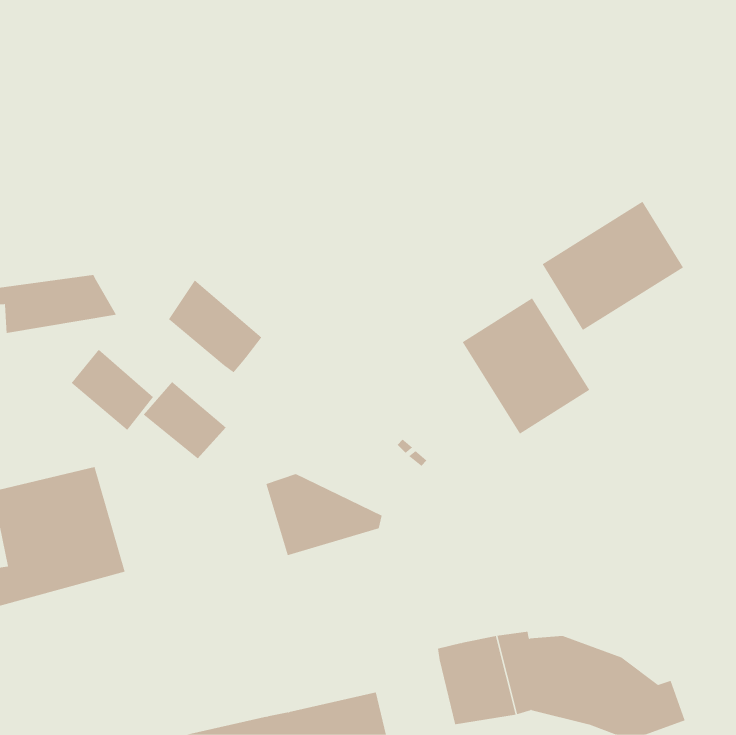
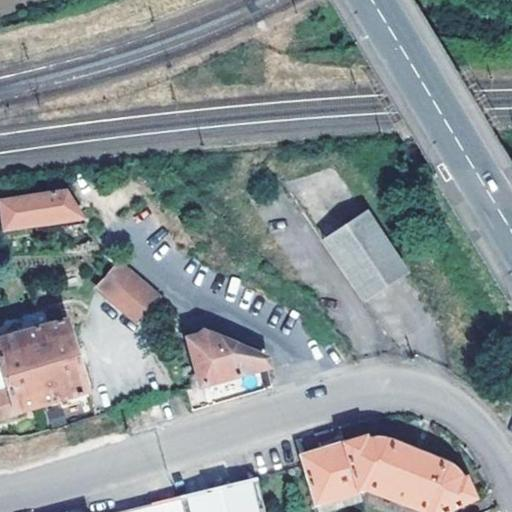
building: [542,201,684,331] -> none
building: [168,280,262,373] -> none
building: [71,349,154,431] -> none

